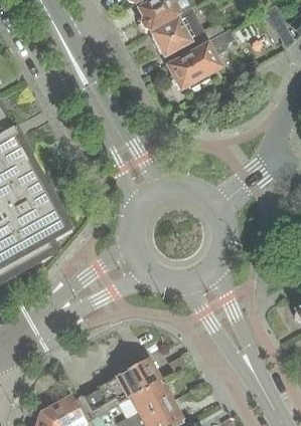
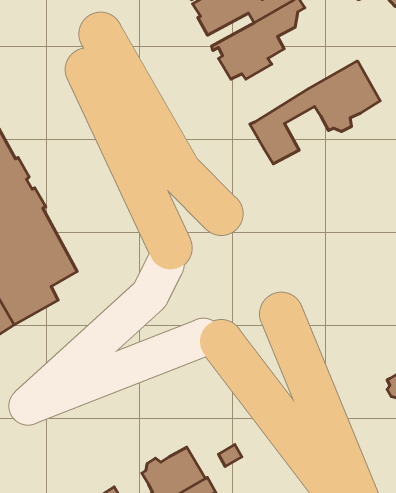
building: none -> [250,61,380,164]

